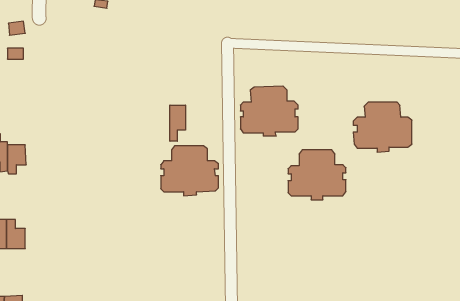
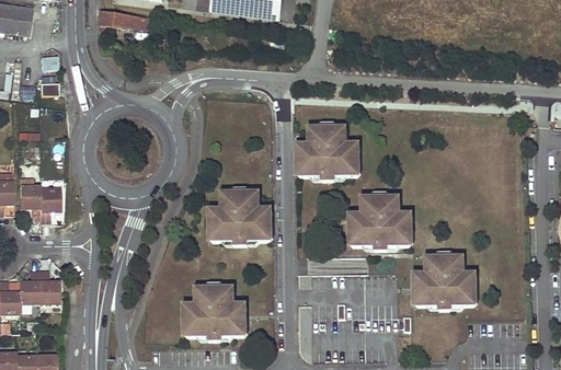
building: [353,102,412,152] -> [412,254,477,309]
building: [170,105,185,141] -> none
building: none -> [182,285,247,339]

